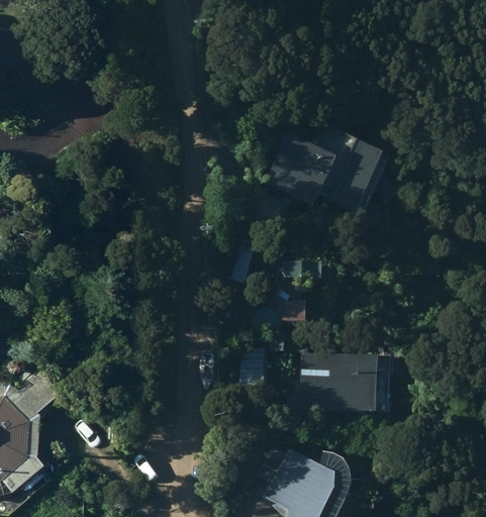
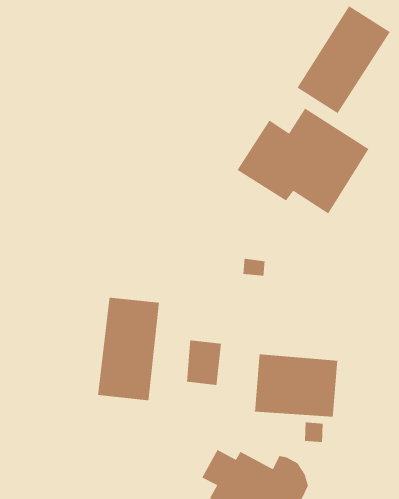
building: none -> [296,5,391,114]
building: none -> [97,297,160,401]

